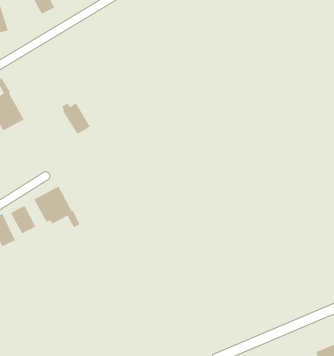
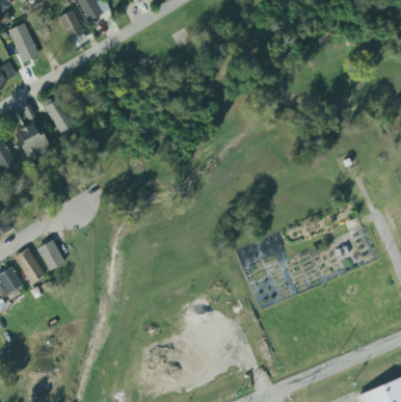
building: [61,102,91,135] -> [44,98,75,132]
building: [33,185,80,228] -> none

